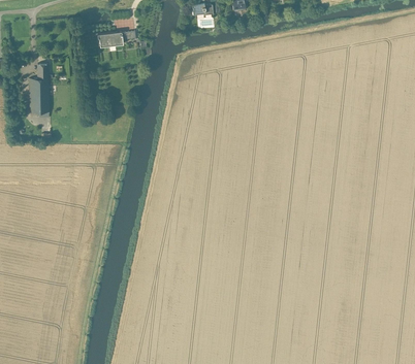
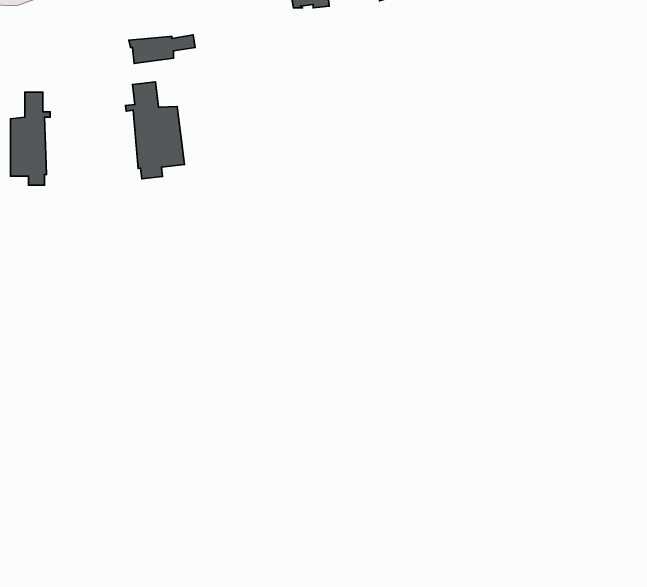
building: none -> [126,82,185,179]

